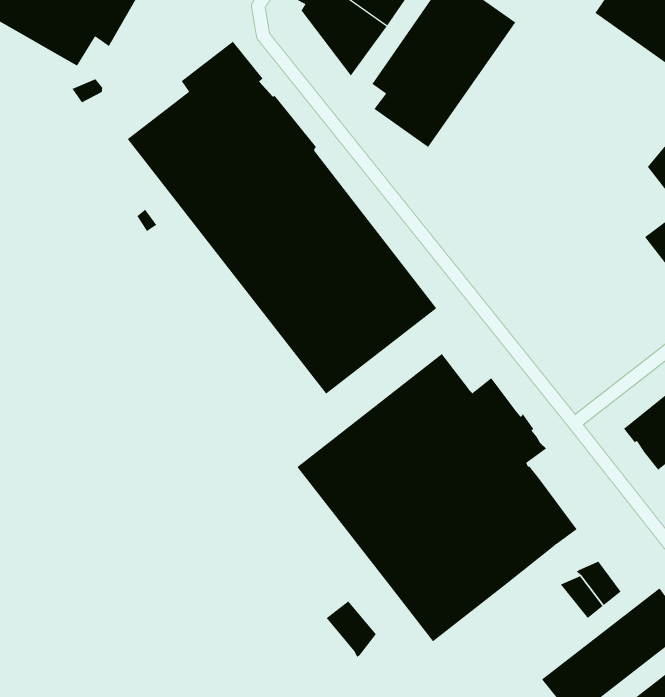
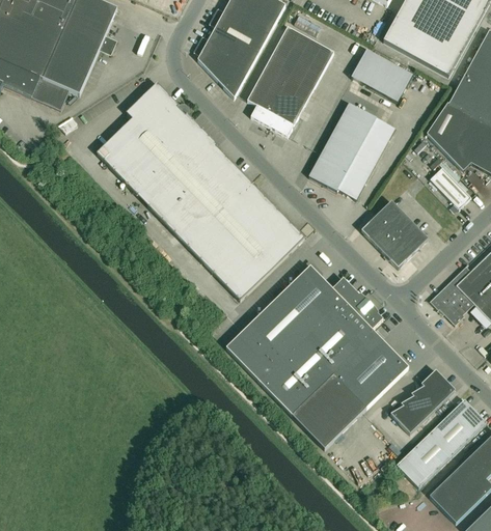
building: none -> [351,48,412,101]
building: none -> [308,102,395,198]
building: none -> [361,199,428,267]
building: none -> [420,368,455,402]
building: none -> [390,404,420,432]
building: [326,601,376,658] -> none

